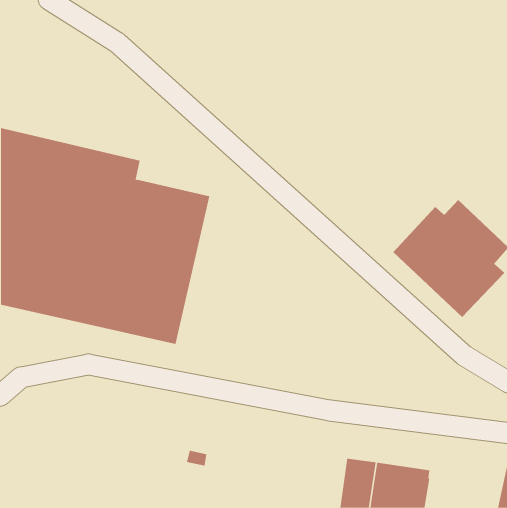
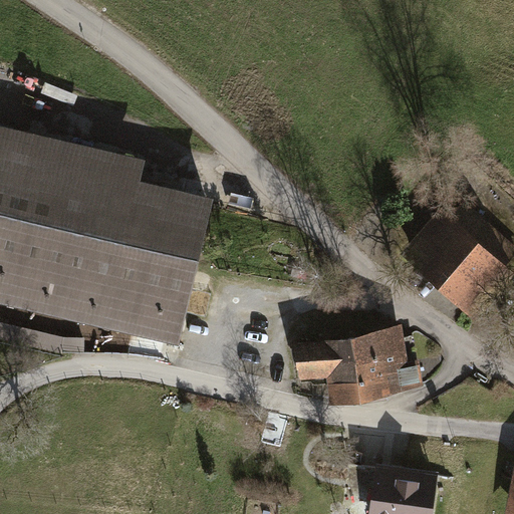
building: none -> [291,323,414,404]

